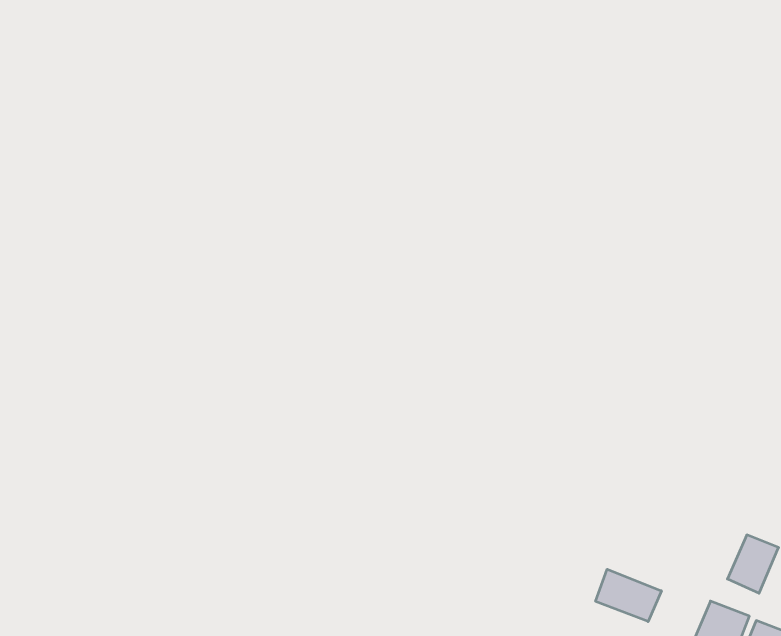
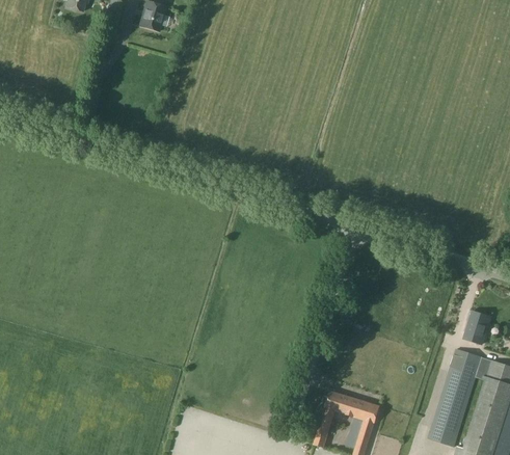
building: [596,569,661,622] -> none

